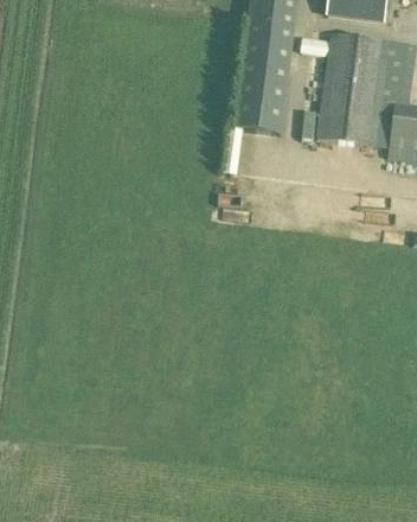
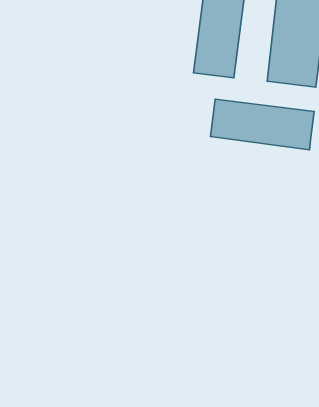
building: none -> [211,99,314,150]

